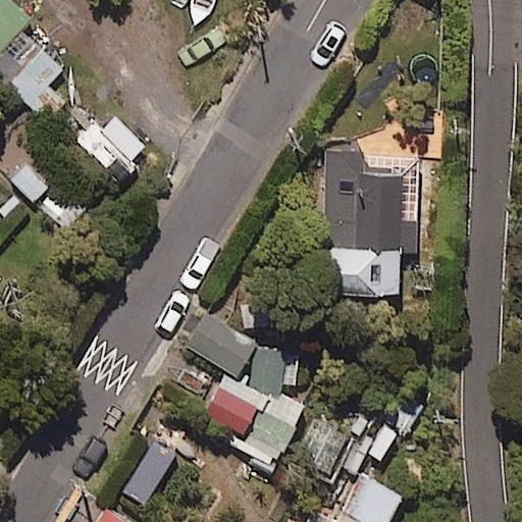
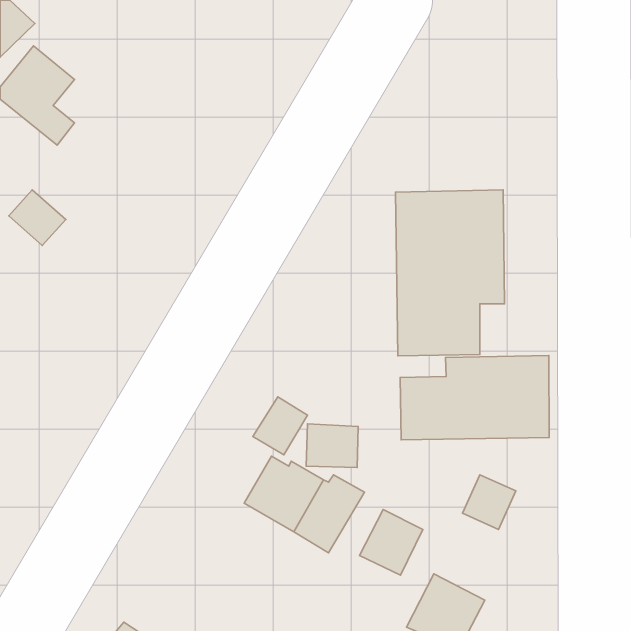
building: none -> [400,356,549,440]

